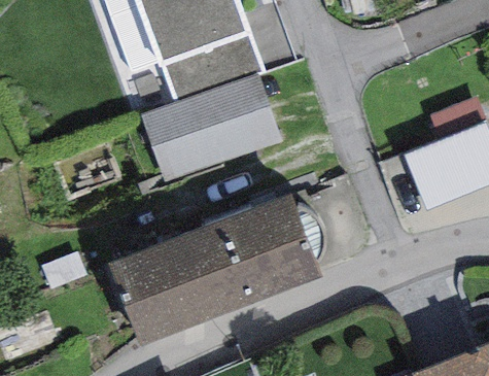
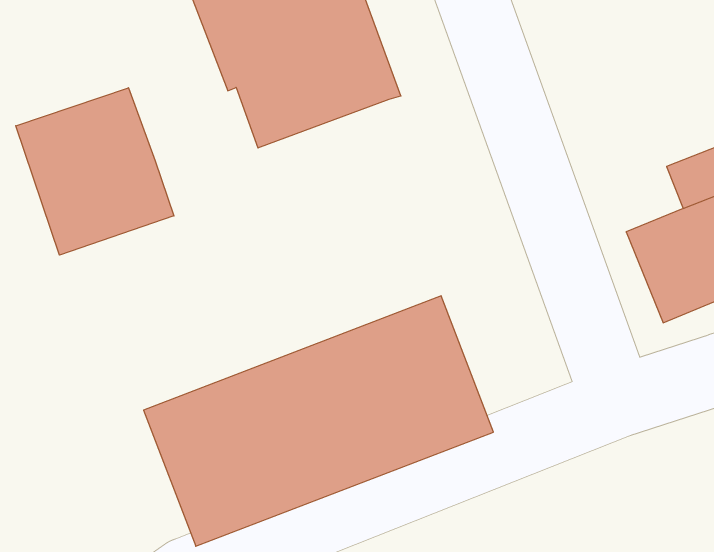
building: none -> [16,88,174,255]
building: [141,73,282,182] -> none

